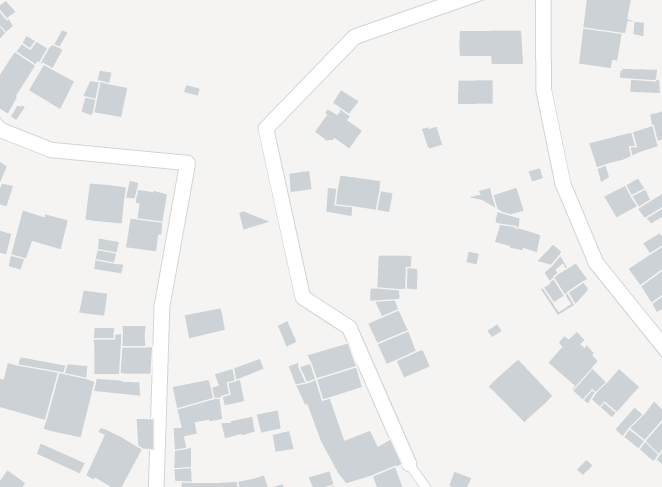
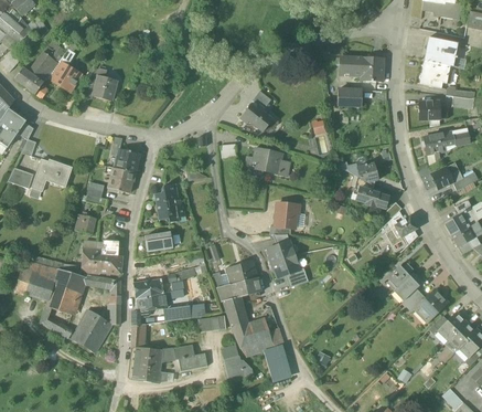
building: none -> [418,101,447,119]
building: [84,183,127,224] -> none
building: none -> [154,183,185,222]
building: [488,359,553,423] -> none

